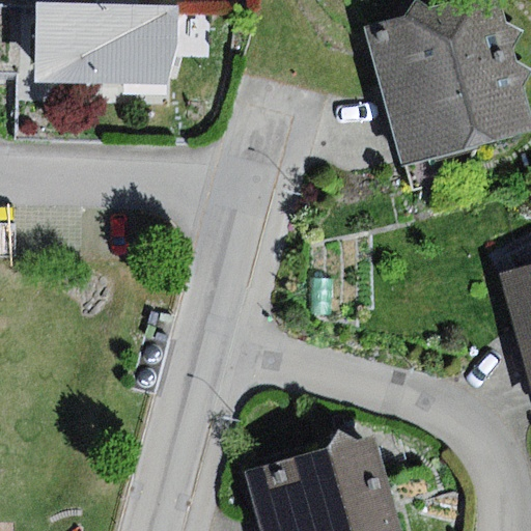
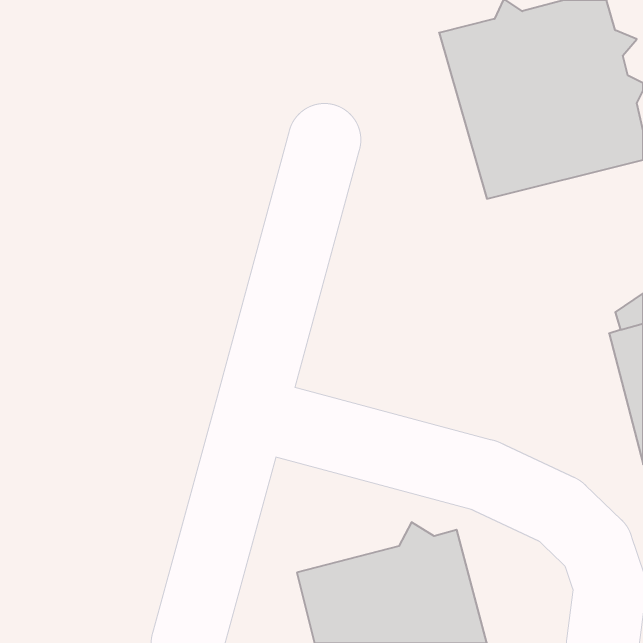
building: [34,4,179,88] -> none

